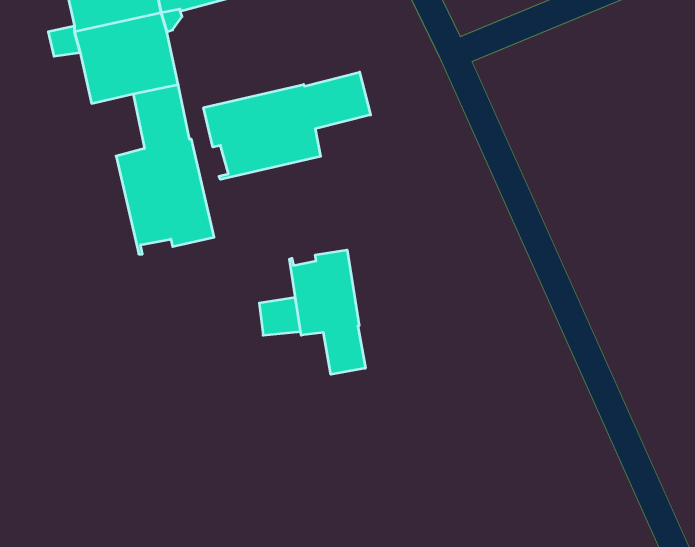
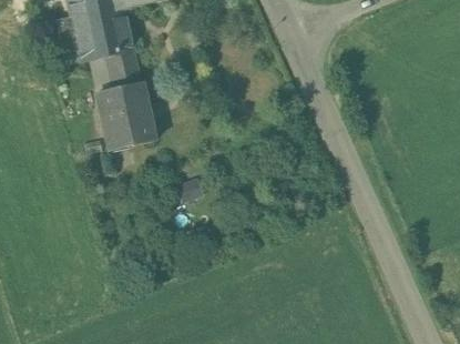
building: [204,72,371,179] -> none
building: [289,250,365,374] -> none

